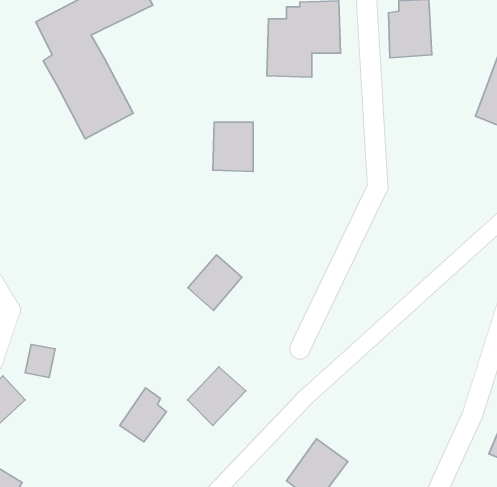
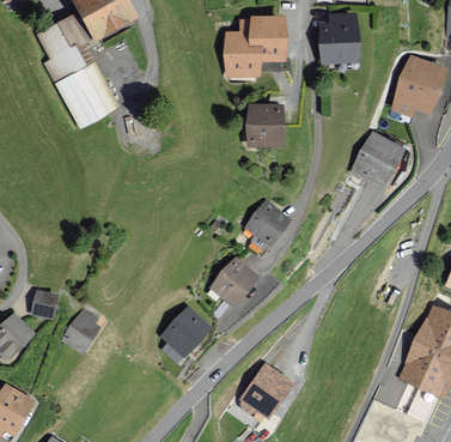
building: [213,122,253,172] -> [248,105,280,145]
building: none -> [352,133,401,187]
building: none -> [248,201,288,243]
building: [188,255,242,310] -> [212,259,255,303]
building: [120,388,166,442] -> [62,309,99,352]

